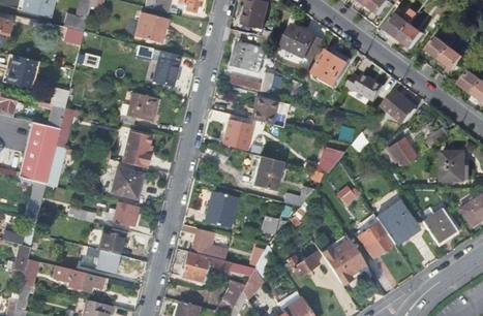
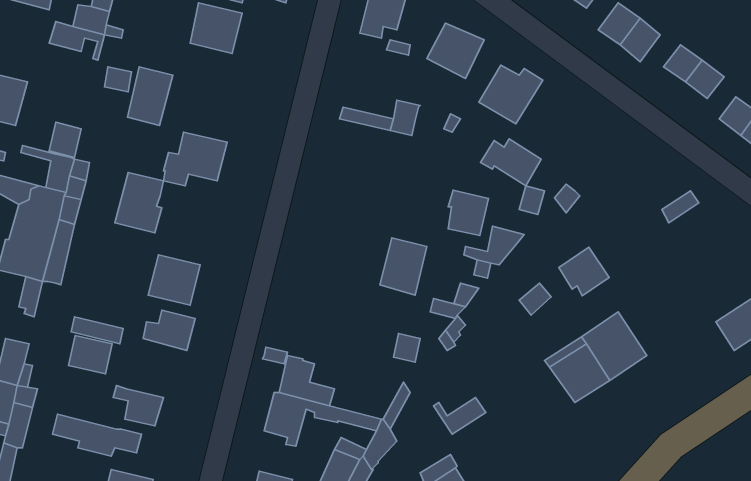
building: [234,41,266,72] -> none
building: [153,51,181,87] -> [127,67,173,126]
building: [348,73,385,102] -> [481,139,541,186]
building: [384,91,419,123] -> none
building: [253,97,278,125] -> [448,190,488,235]
building: [221,126,250,153] -> none
building: [123,131,153,168] -> [115,172,163,233]
building: [386,137,417,167] -> [559,247,609,296]
building: [443,153,466,181] -> none
building: [205,192,237,227] -> none
building: [422,209,457,245] -> none
building: [97,231,124,255] -> [69,335,112,374]
building: [322,238,366,285] -> none

